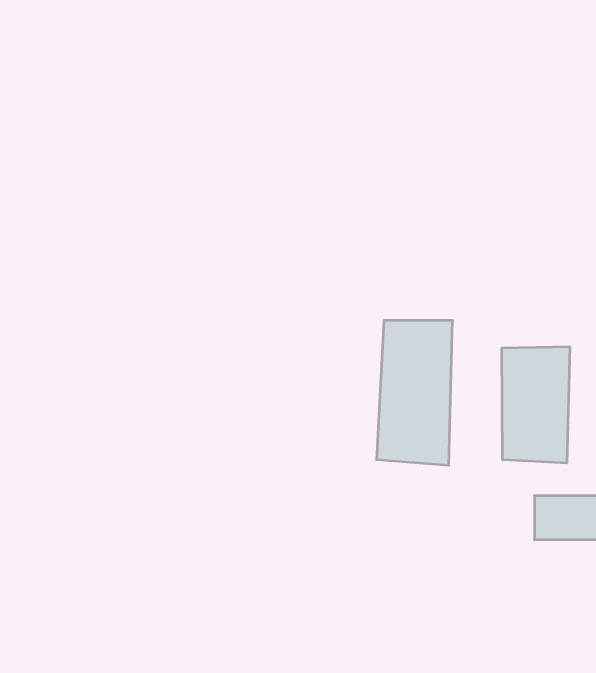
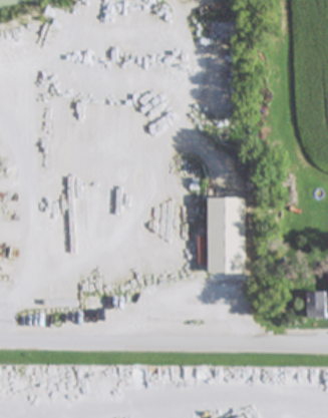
building: [502,347,570,463] -> none

